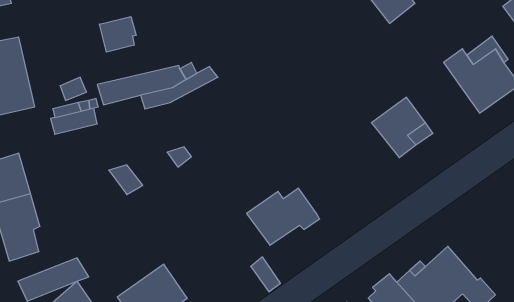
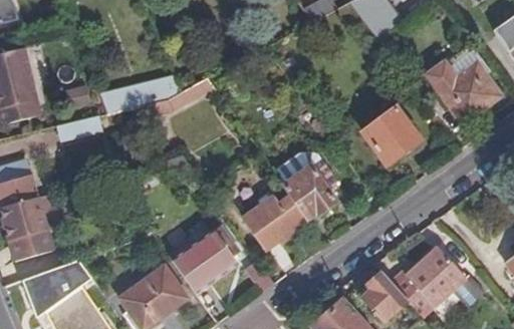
building: [99,17,136,52] -> none
building: none -> [275,155,336,218]
building: none -> [172,226,236,292]

